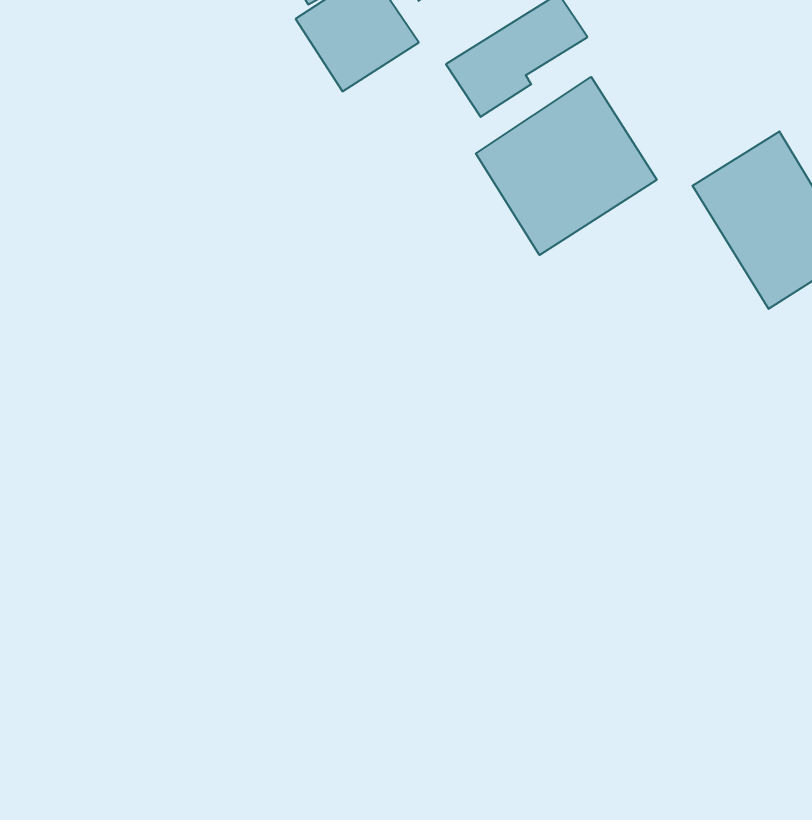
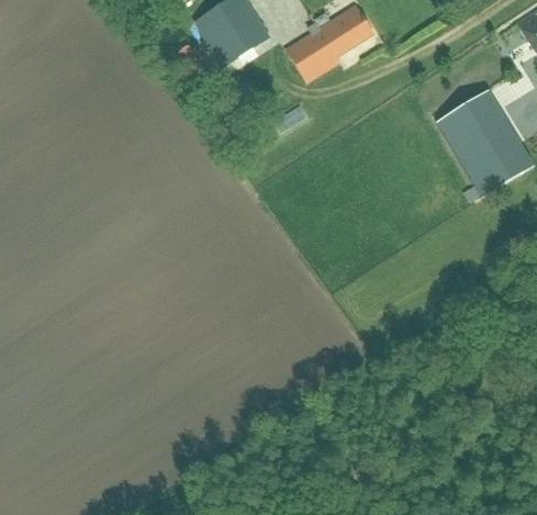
building: [476,77,657,255] -> none

